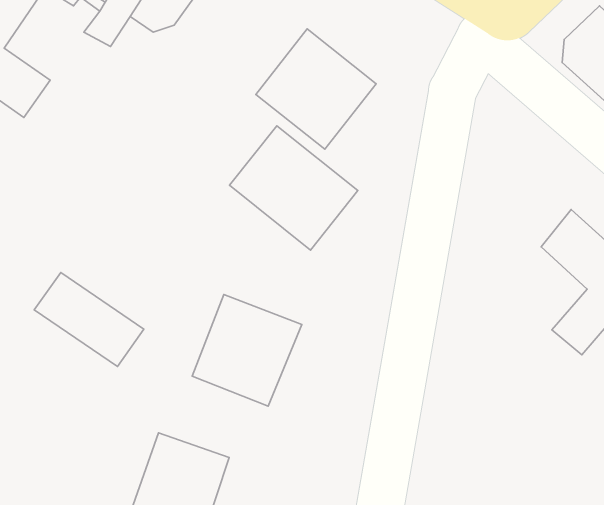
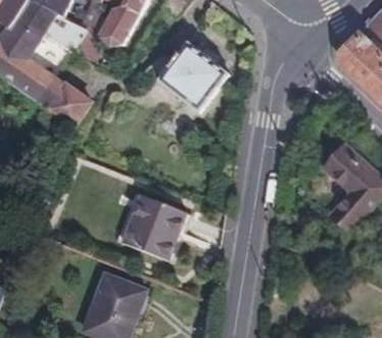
building: [230,126,358,250] -> none
building: [34,273,144,367] -> [28,71,91,126]

